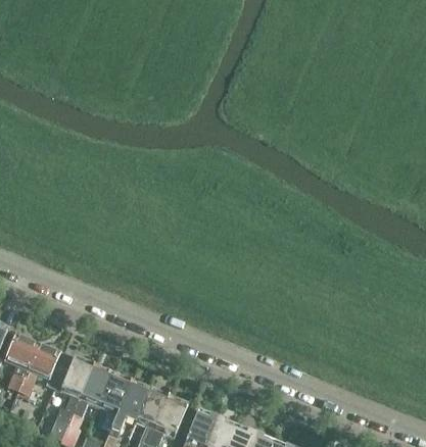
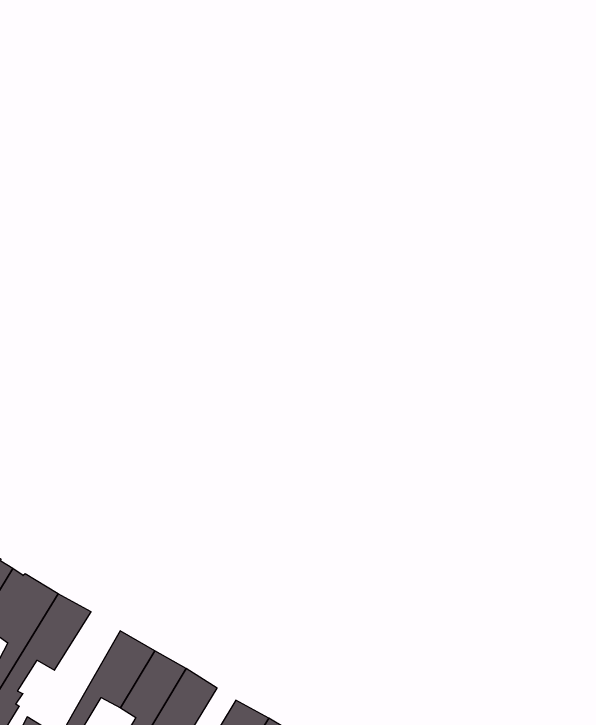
building: [97,374,130,431] -> none

